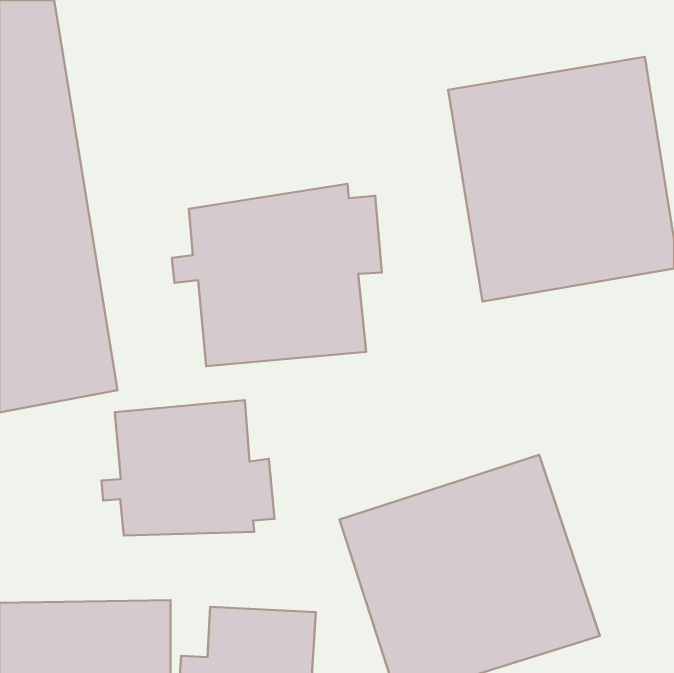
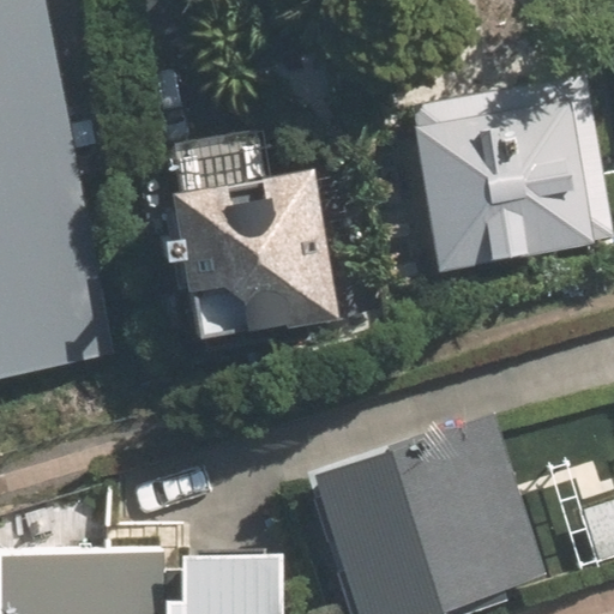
building: [102,400,275,535] -> none

